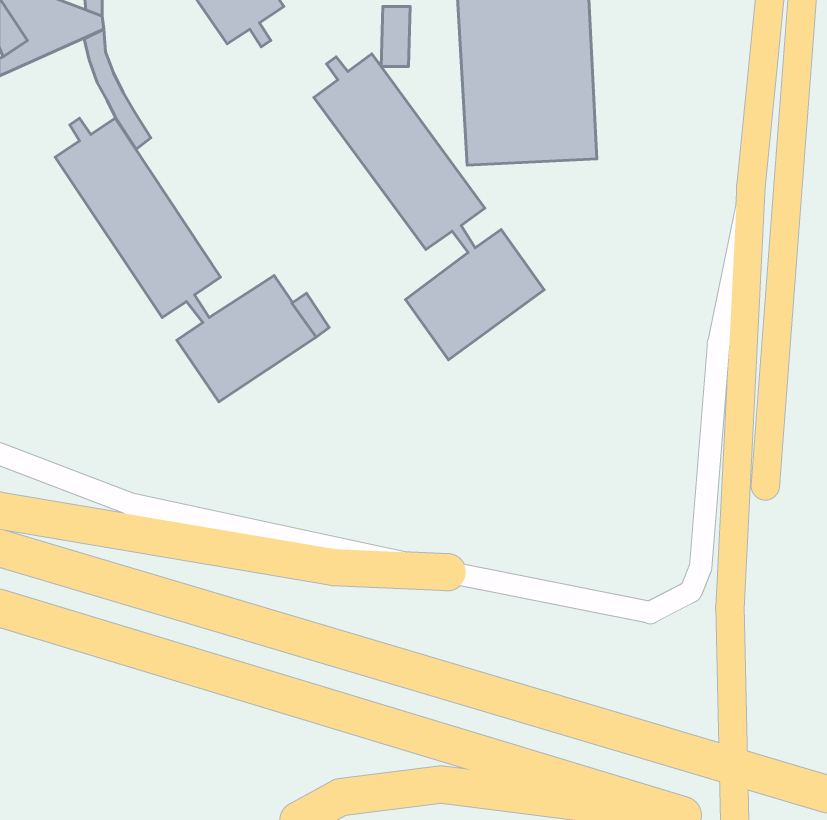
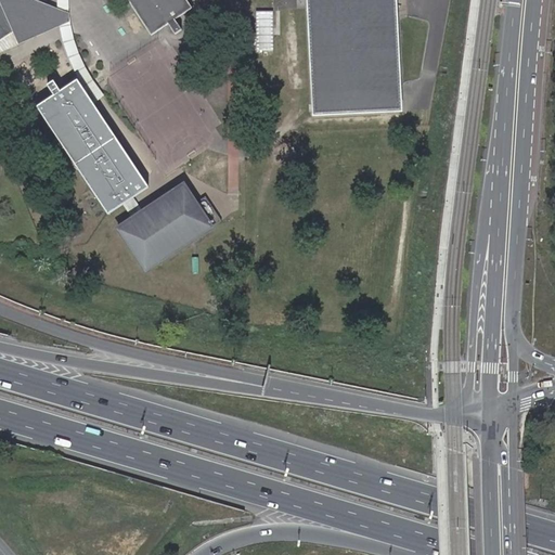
building: [314,54,544,360] -> none

